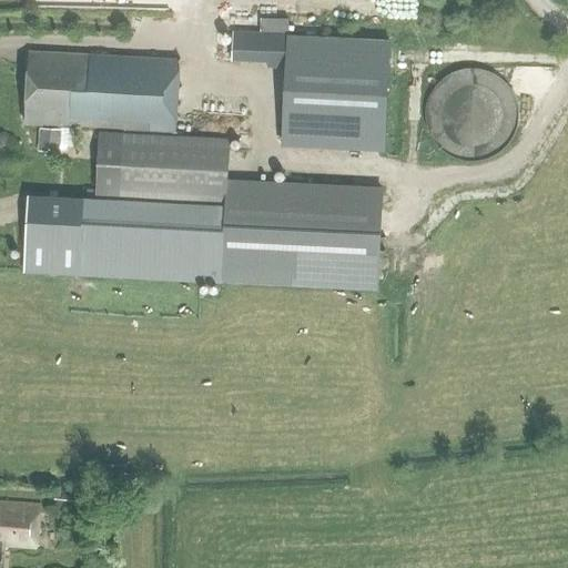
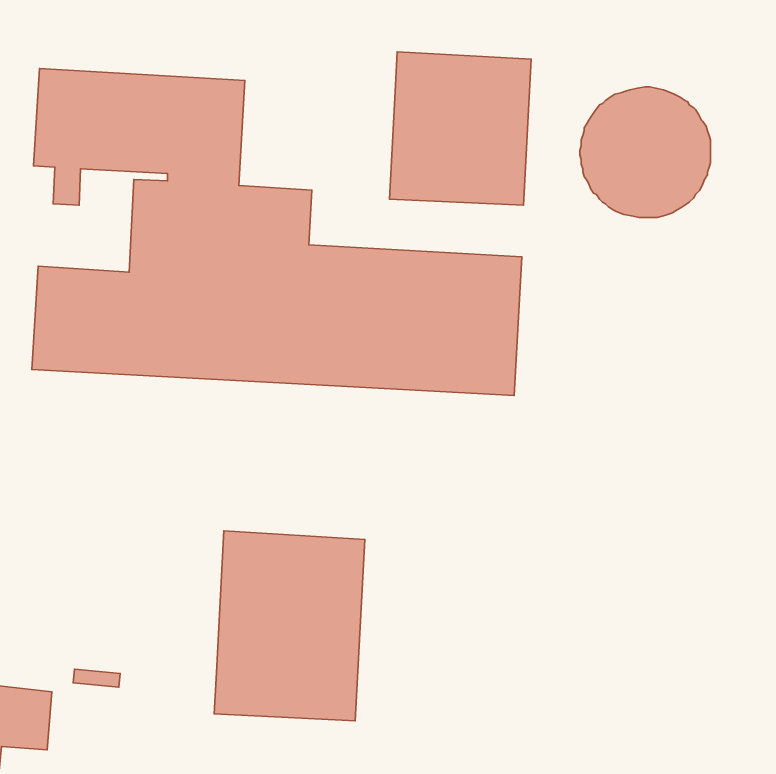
building: [231,31,290,62] -> none
building: none -> [214,531,365,721]

